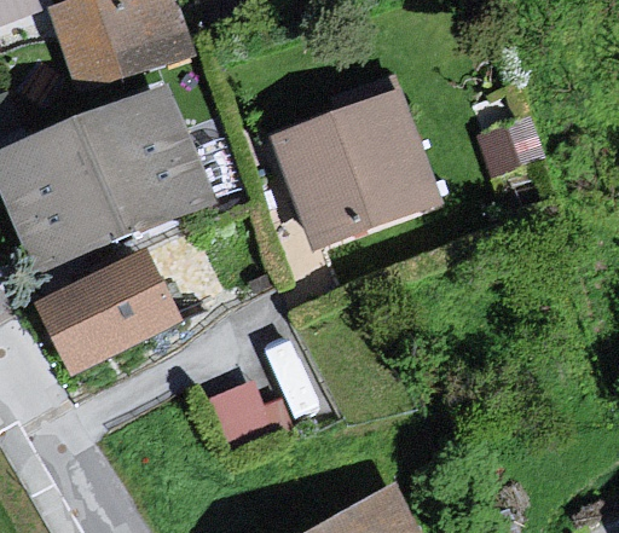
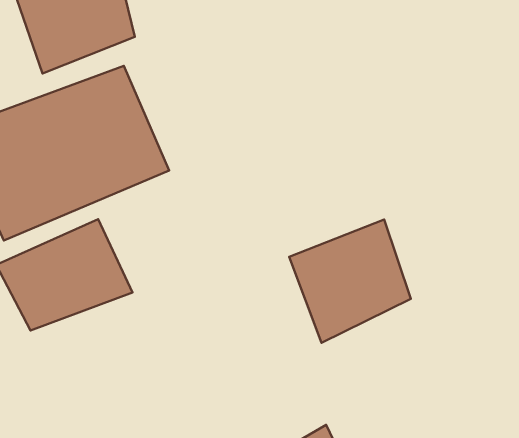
building: [266,83,444,247] -> none
building: none -> [289,219,411,343]

